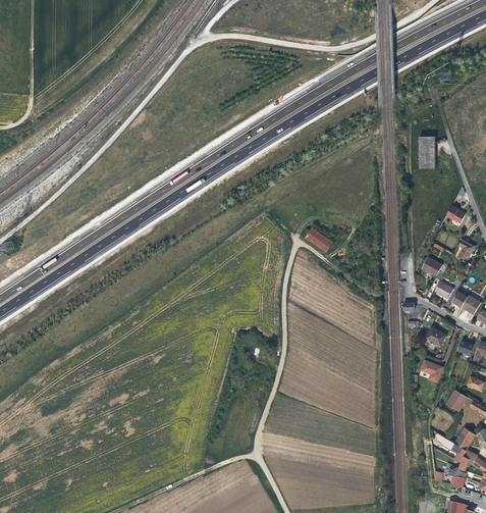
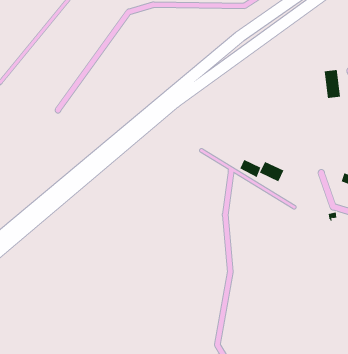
building: none -> [259,161,284,182]

